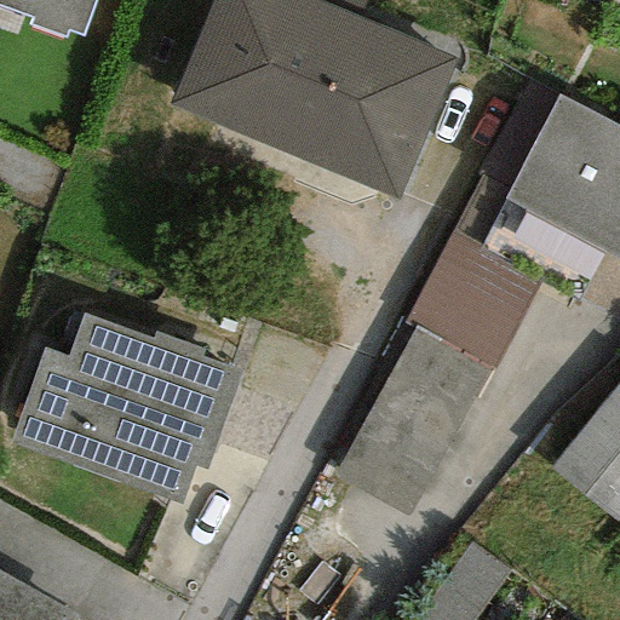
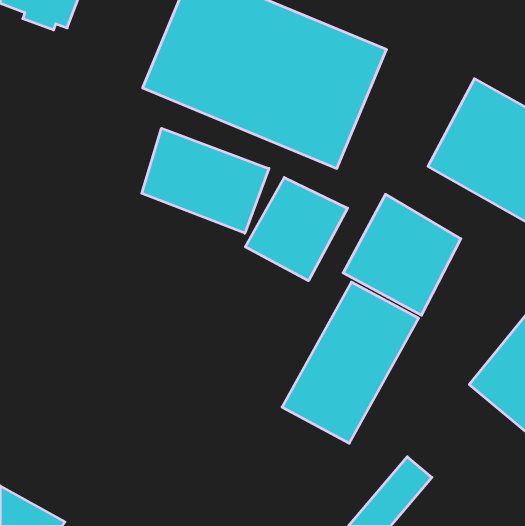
building: none -> [142,128,269,233]
building: none -> [245,177,348,281]
building: [11,310,245,504] -> none

